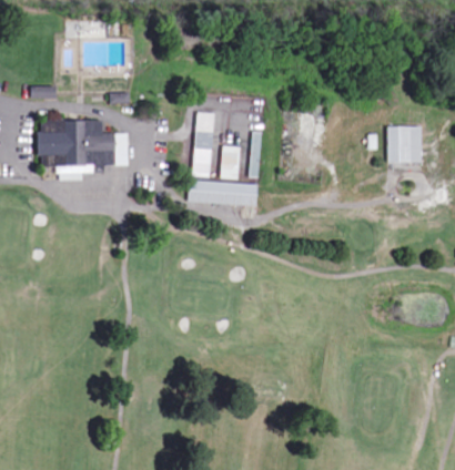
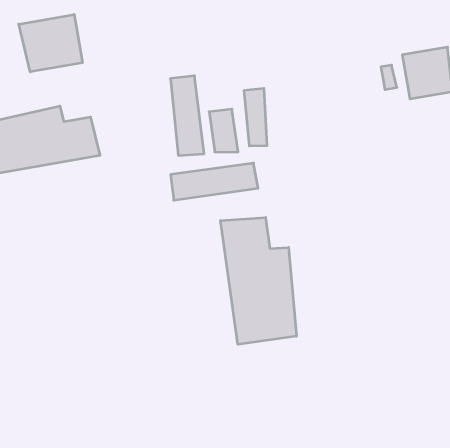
building: none -> [19,14,82,72]
building: none -> [220,217,296,344]

